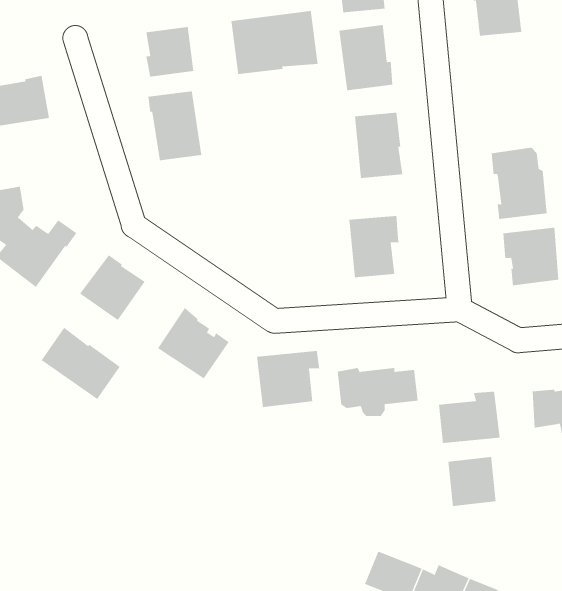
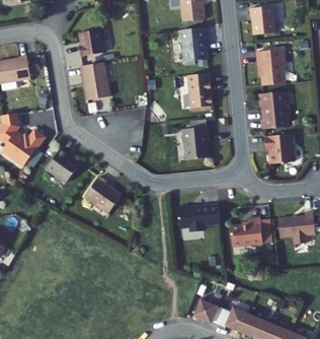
building: [231,10,318,75] -> none
building: none -> [255,49,285,85]
building: [41,327,121,400] -> none
building: [257,350,320,408] -> none
building: [448,456,496,507] -> none

